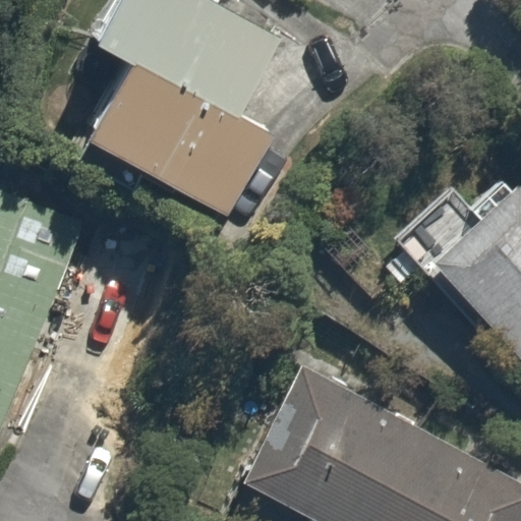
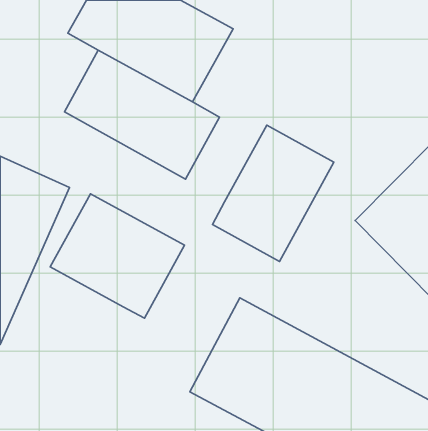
building: none -> [213,125,334,261]
building: none -> [50,194,185,318]

